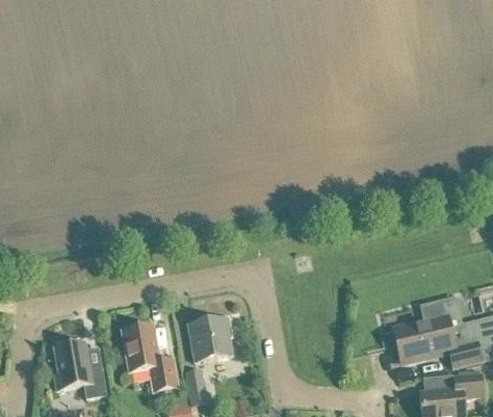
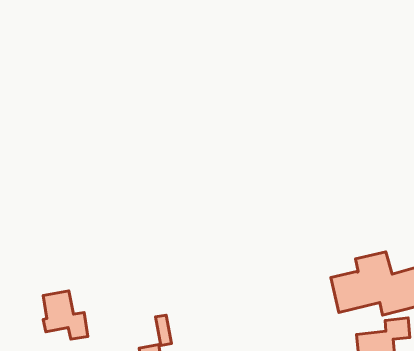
building: [187,317,232,362] -> none
building: [122,325,178,392] -> none

